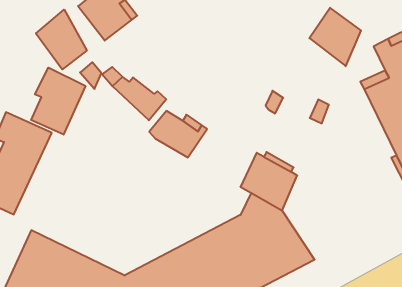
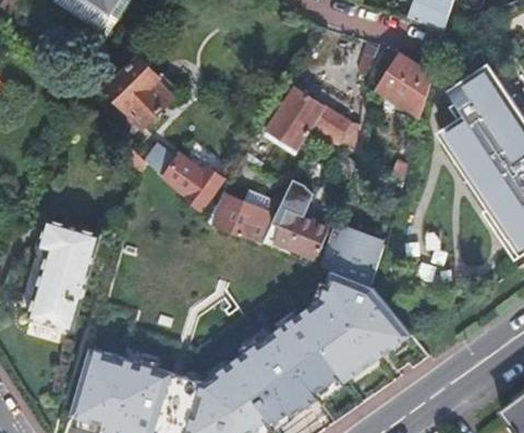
building: [36,10,87,69] -> none
building: none -> [268,85,346,145]
building: [31,68,85,135] -> none
building: none -> [259,179,327,260]

